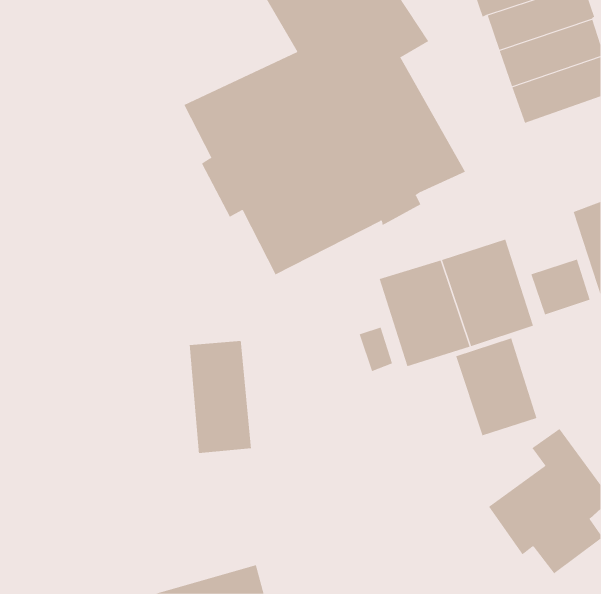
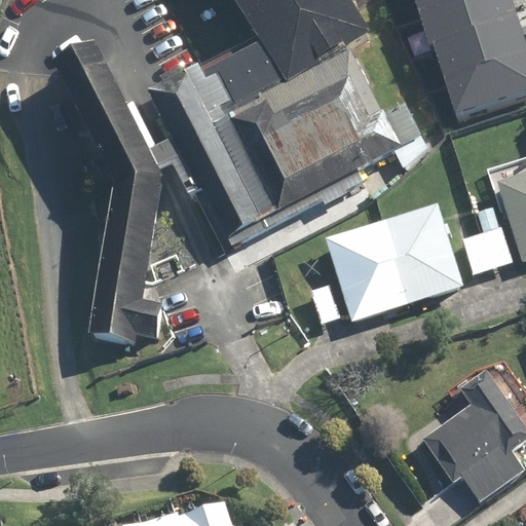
building: none -> [53,65,150,338]
building: [456,338,537,436] -> none
building: [189,340,251,454] -> none

